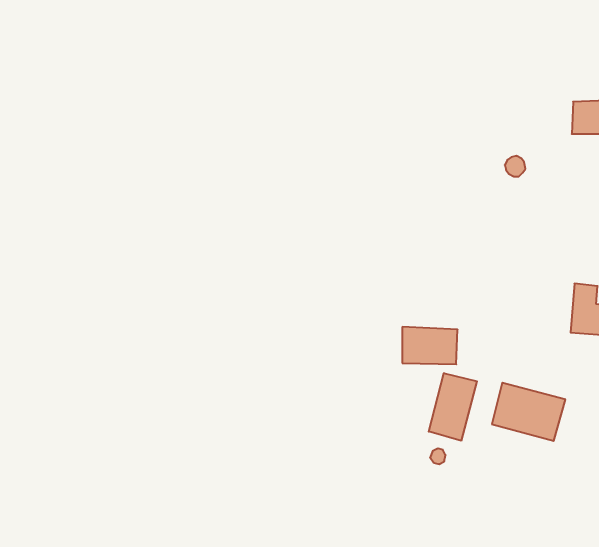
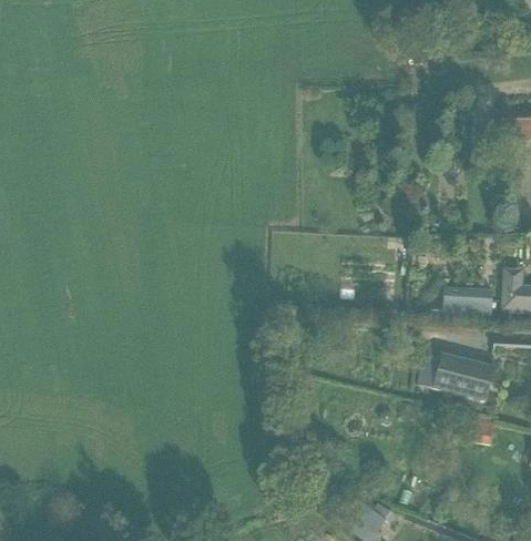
building: [402,327,458,364] -> [446,286,493,318]
building: [429,373,477,441] -> none

